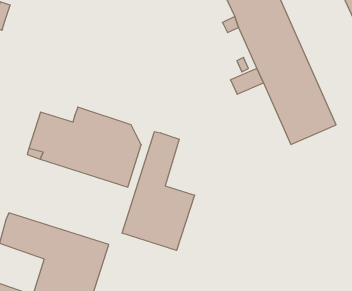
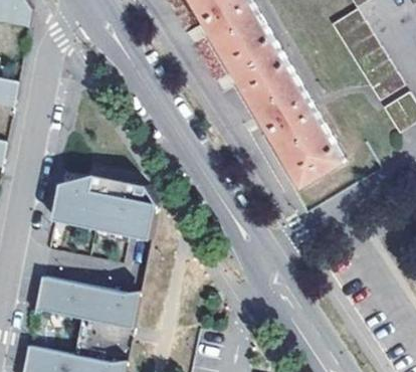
building: [122,132,195,250] -> none

